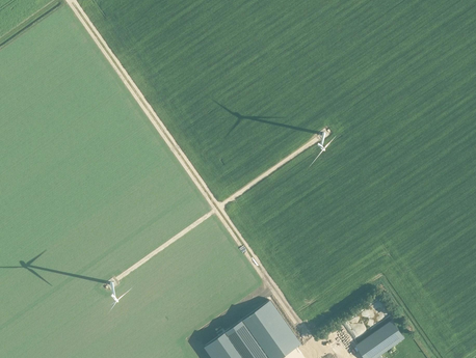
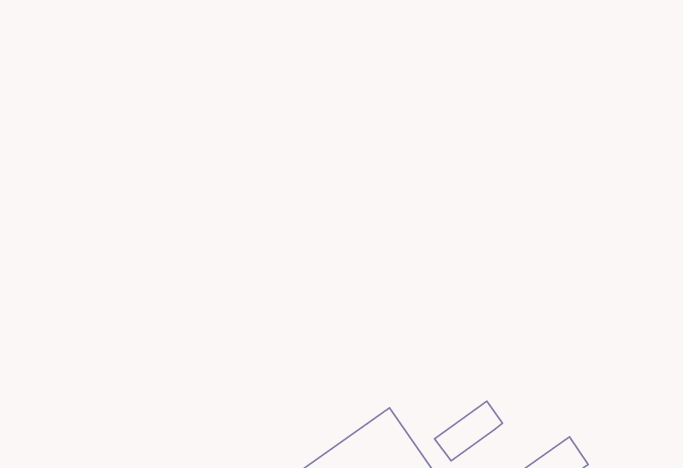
building: none -> [434,401,503,461]

